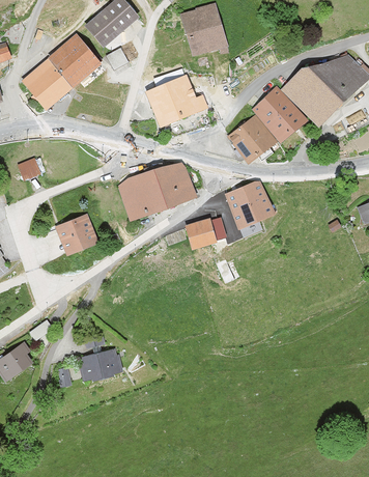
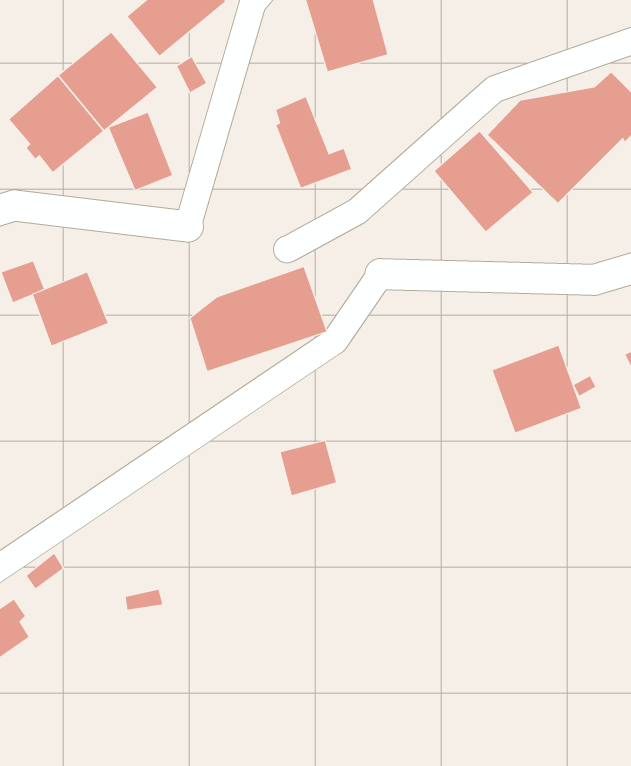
building: [144,84,179,127] -> [108,112,173,191]
building: [229,114,277,163] -> none
building: [224,179,273,227] -> [492,345,582,433]
building: [56,214,97,254] -> [32,272,108,346]
building: [184,218,216,248] -> [280,441,337,496]
building: [78,348,121,380] -> none

